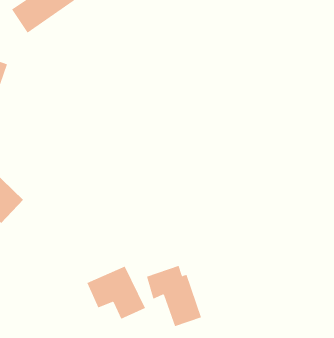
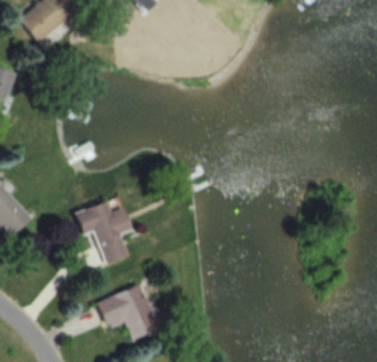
building: [146,265,202,327] -> [75,200,134,264]

